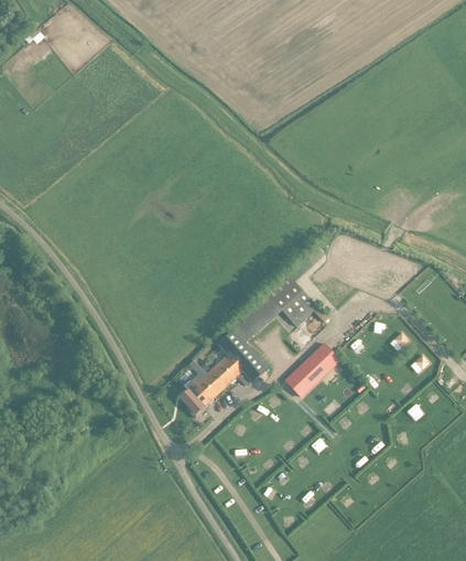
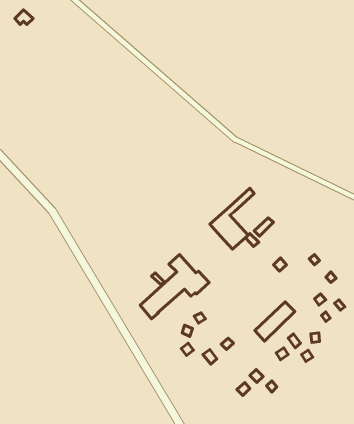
building: [283,346,334,396] -> [255,302,295,341]

